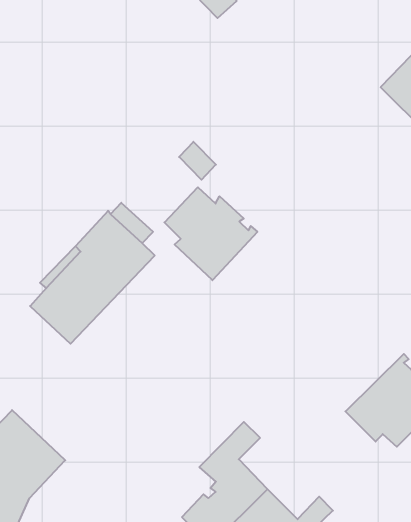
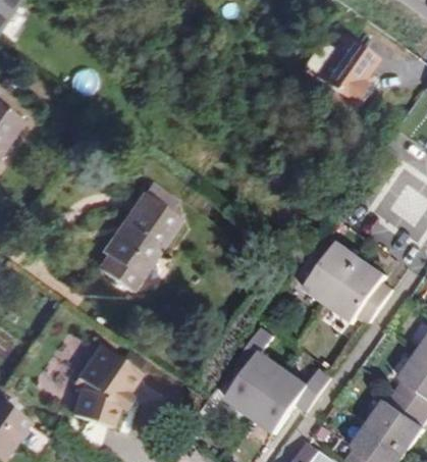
building: [164,187,257,280] -> none
building: none -> [299,239,363,305]

